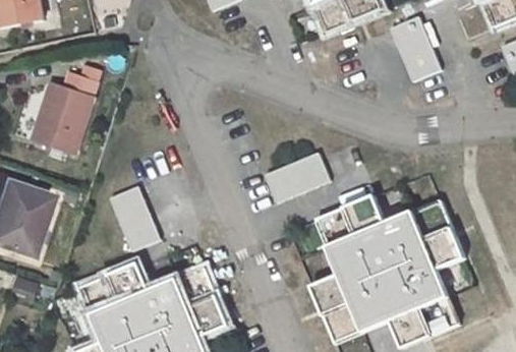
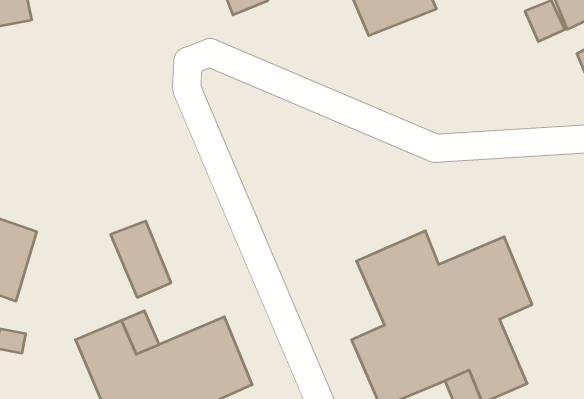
building: [390,15,440,80] -> none
building: [32,65,100,158] -> none
building: [264,152,330,202] -> none

